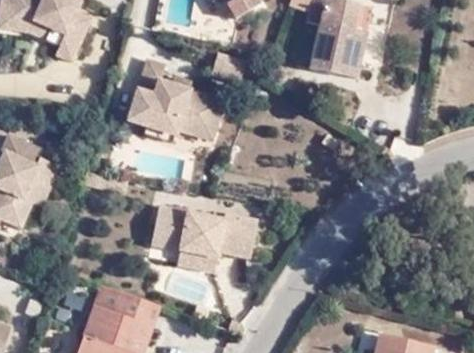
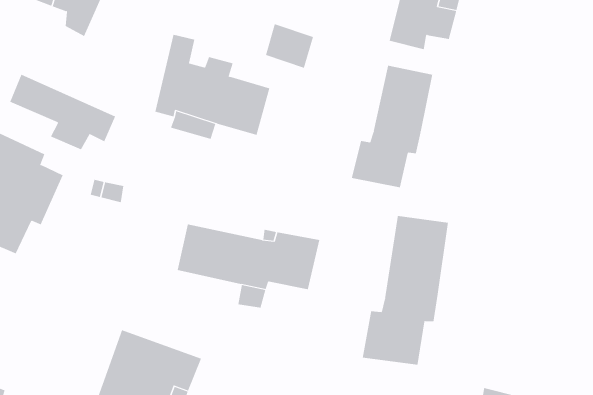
building: none -> [351,65,433,188]
building: none -> [10,74,116,150]
building: none -> [362,215,448,365]

